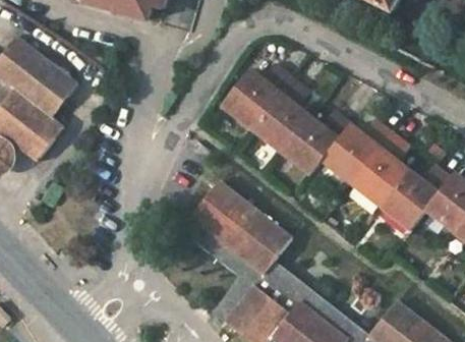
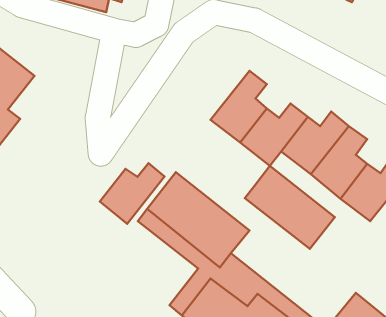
building: [223,65,291,128] -> none
building: none -> [100,163,165,224]
building: none -> [245,166,335,249]

